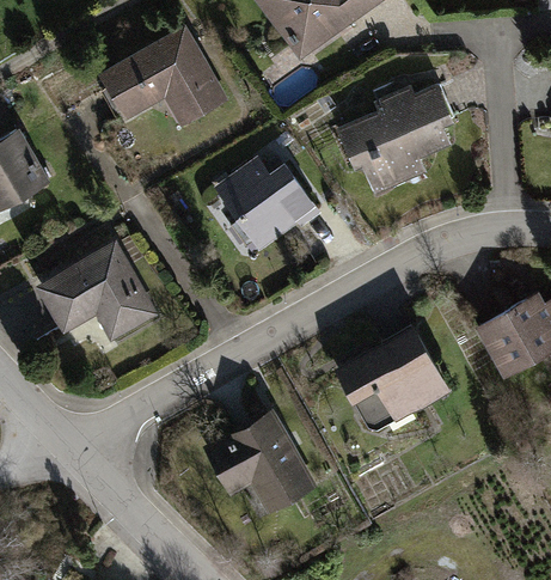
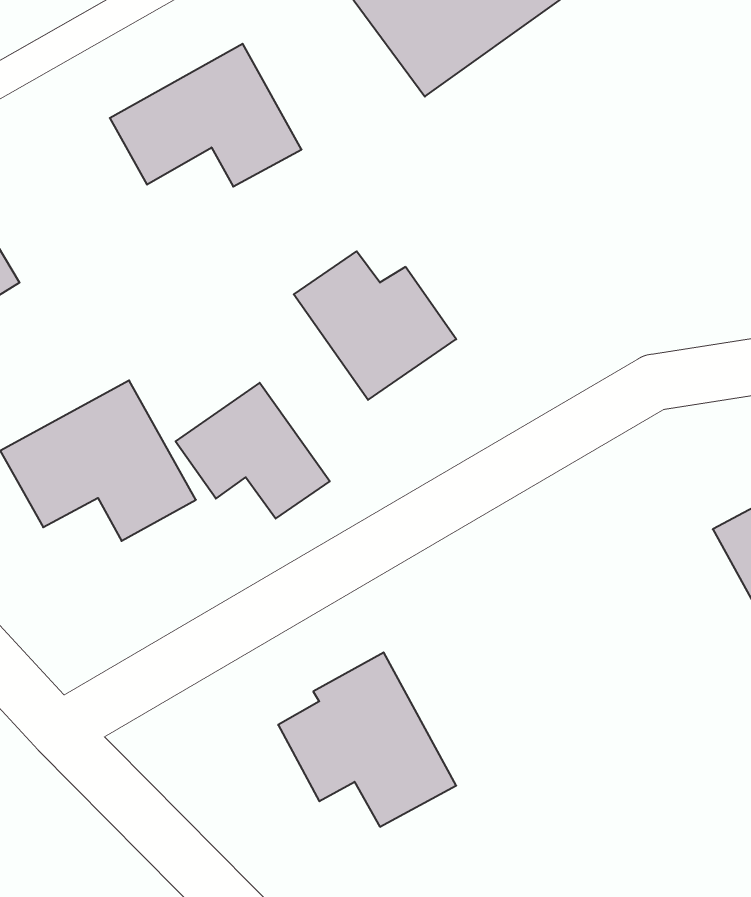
building: [333,90,458,199] -> none
building: none -> [176,383,330,519]
building: [332,325,451,436] -> none

